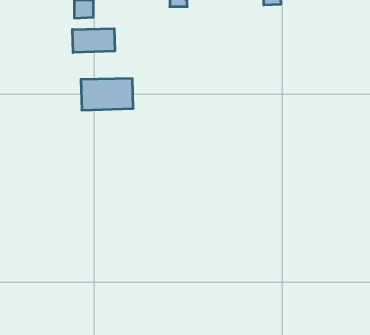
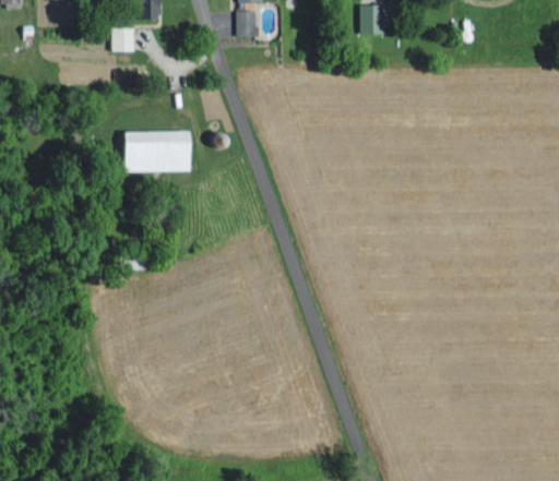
building: [72,29,115,53] -> none

